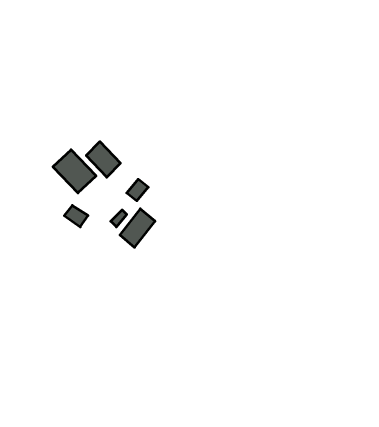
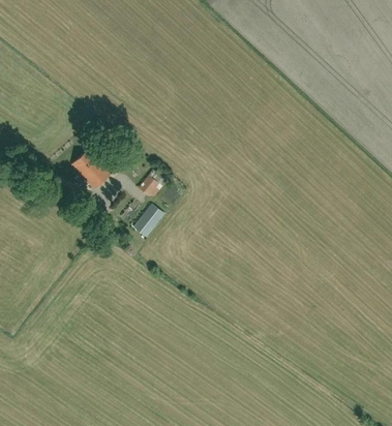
building: [86,142,120,177] -> none

